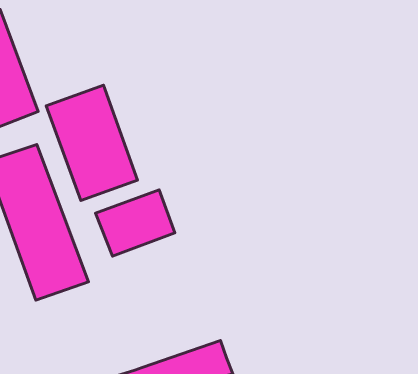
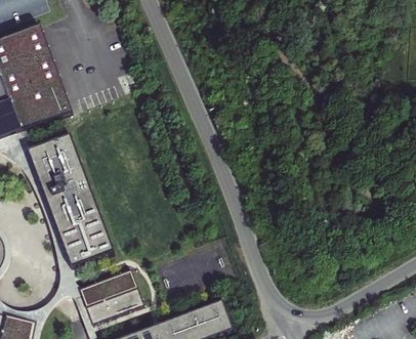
building: [46,85,137,200] -> none
building: [95,190,175,256] -> [78,268,144,324]

